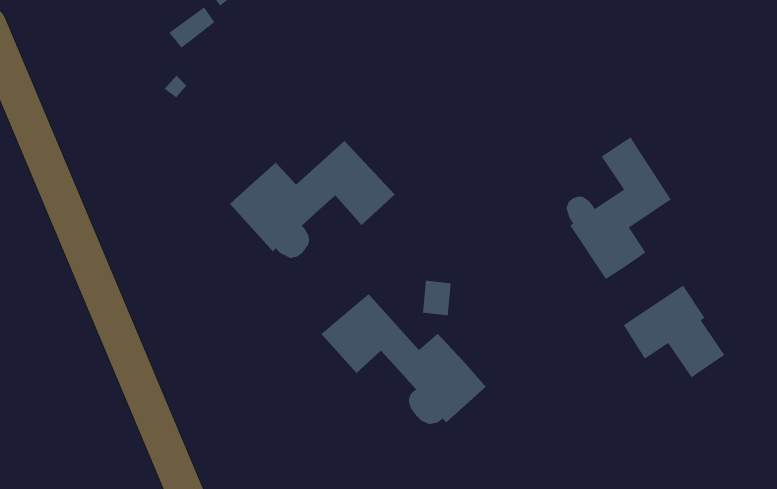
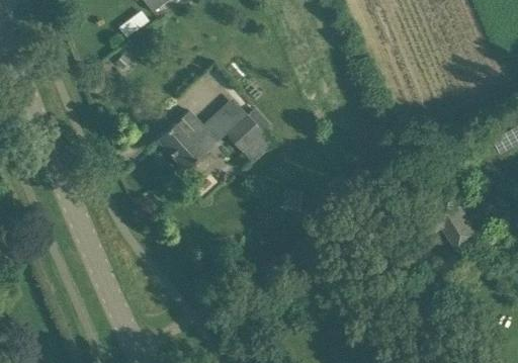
building: [566,136,671,280] -> none
building: [321,293,487,425] -> none

